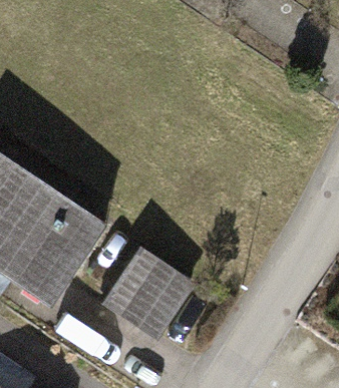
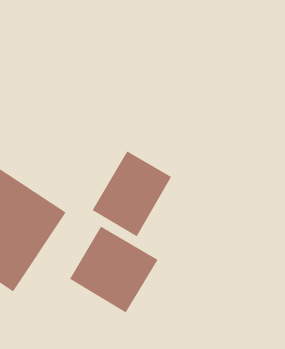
building: none -> [92,151,172,237]

